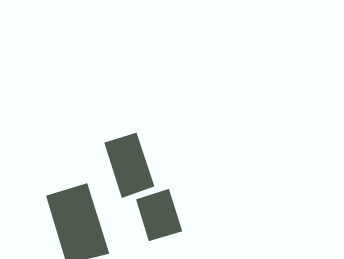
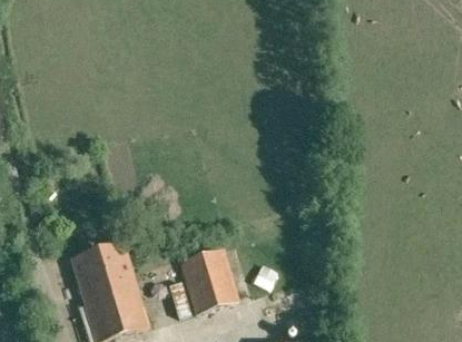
building: [104,132,155,199] -> none

